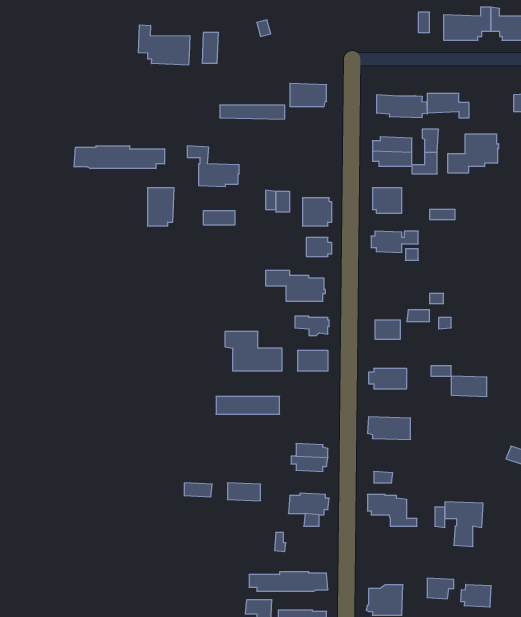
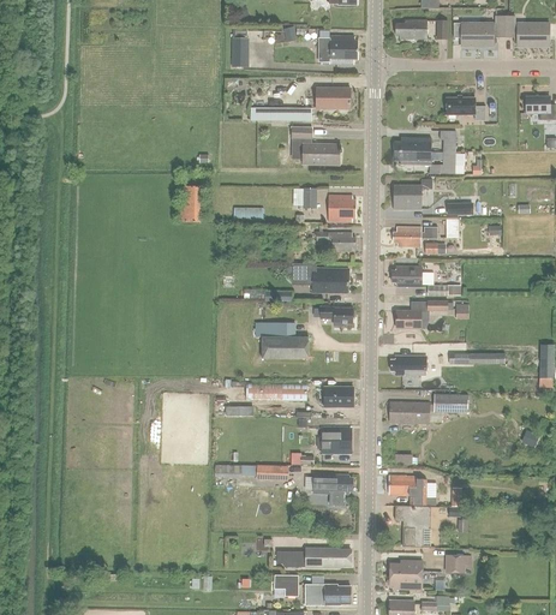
building: none -> [394,19,426,38]
building: [138,25,190,65] -> none
building: none -> [319,35,357,64]
building: [377,95,427,118] -> none
building: [448,134,499,173] -> none
building: [74,146,165,169] -> none
building: [187,146,239,187] -> [291,126,340,165]
building: none -> [391,267,420,286]
building: [297,351,328,371] -> [323,387,352,406]
building: [451,376,487,396] -> [434,393,467,412]
building: [445,502,483,546] -> [394,504,430,547]
building: [461,584,491,607] -> none

